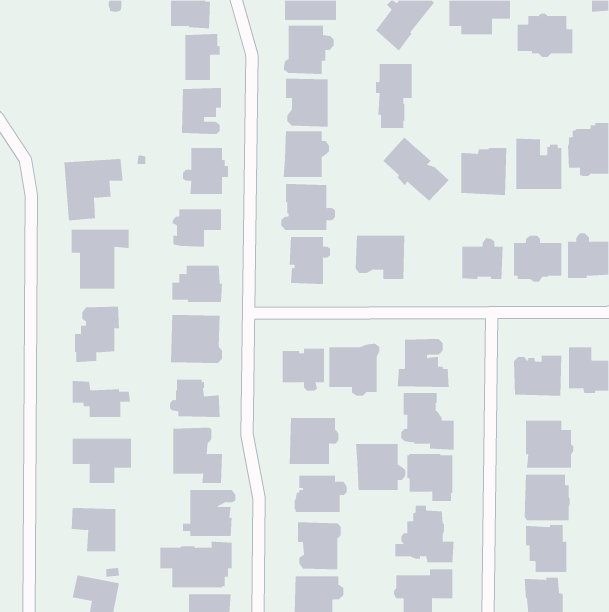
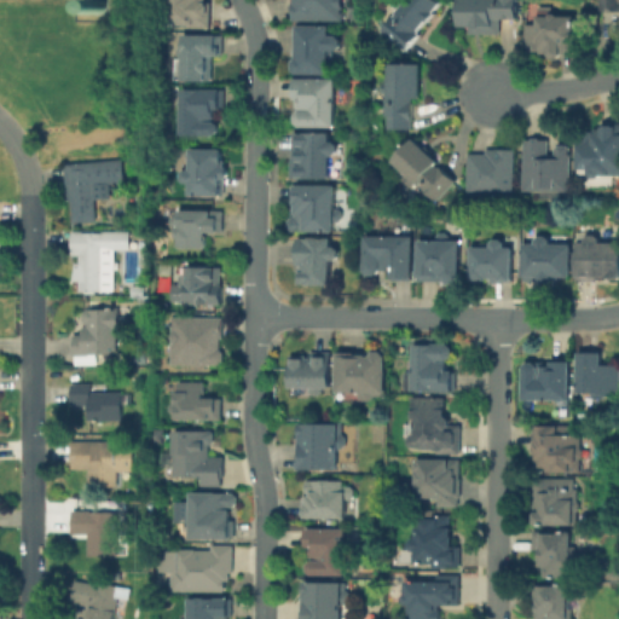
building: none -> [412,235,458,287]
building: [356,443,406,491] -> none

